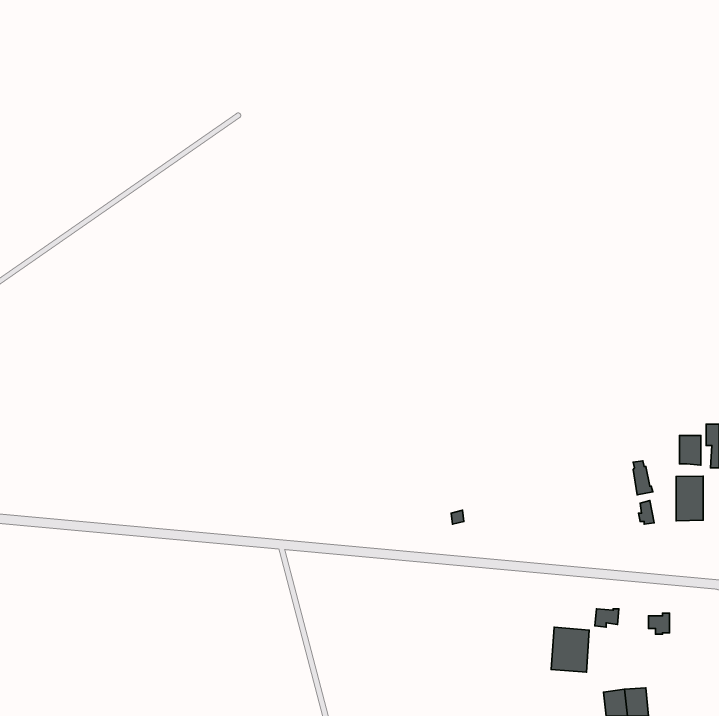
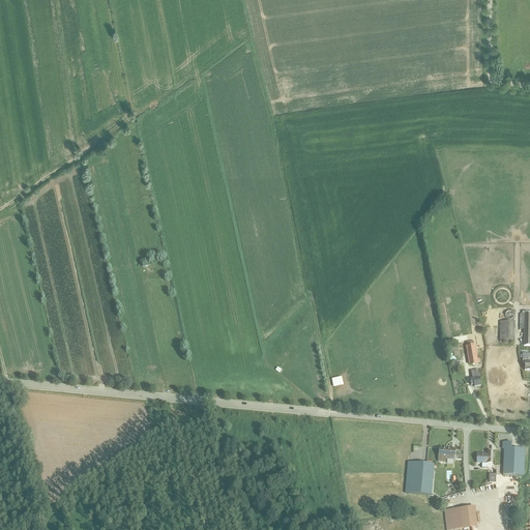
building: [676,476,703,521] -> none
building: none -> [501,441,524,474]

